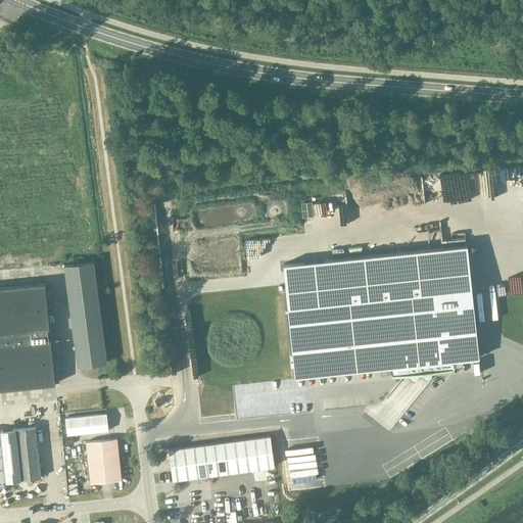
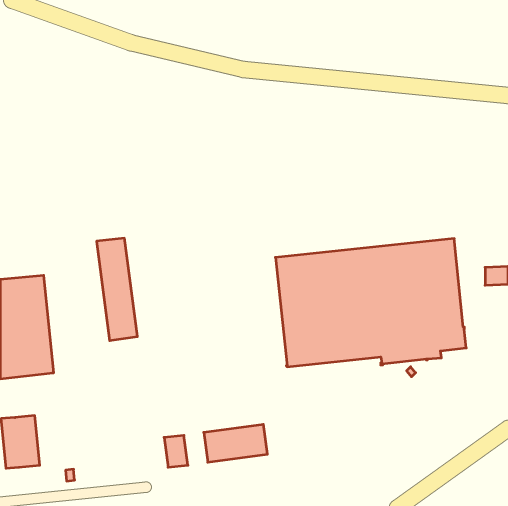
building: [64,264,106,369] -> [97,238,137,341]
building: [65,416,108,436] -> none
building: [86,440,122,484] -> none
building: [189,446,213,480] -> none

